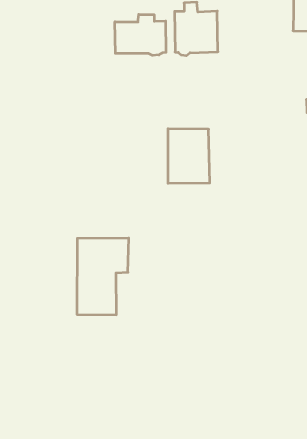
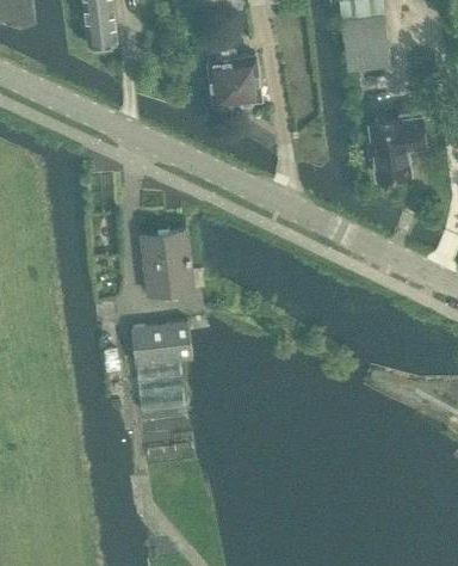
building: [115,14,166,55] -> none
building: [168,129,210,183] -> [141,229,194,295]

